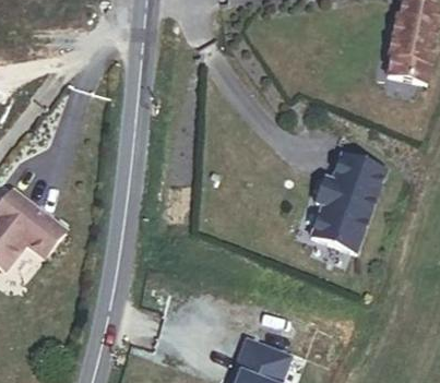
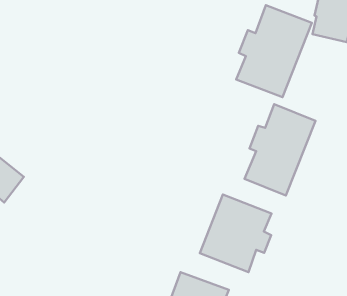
building: none -> [236,5,312,97]
building: none -> [200,195,272,272]

